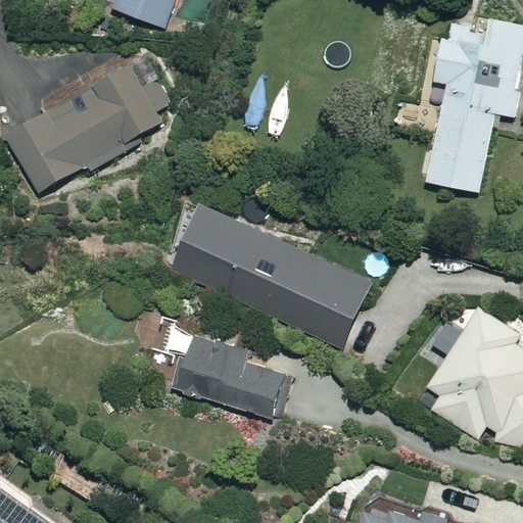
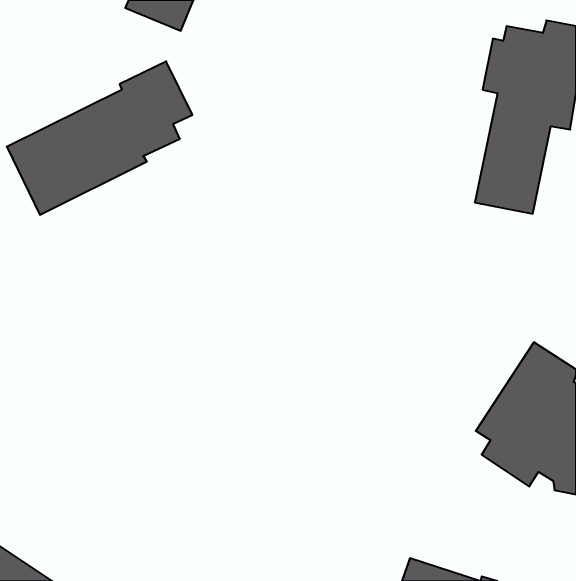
building: [173,207,374,347] -> none
building: [165,327,289,420] -> none

